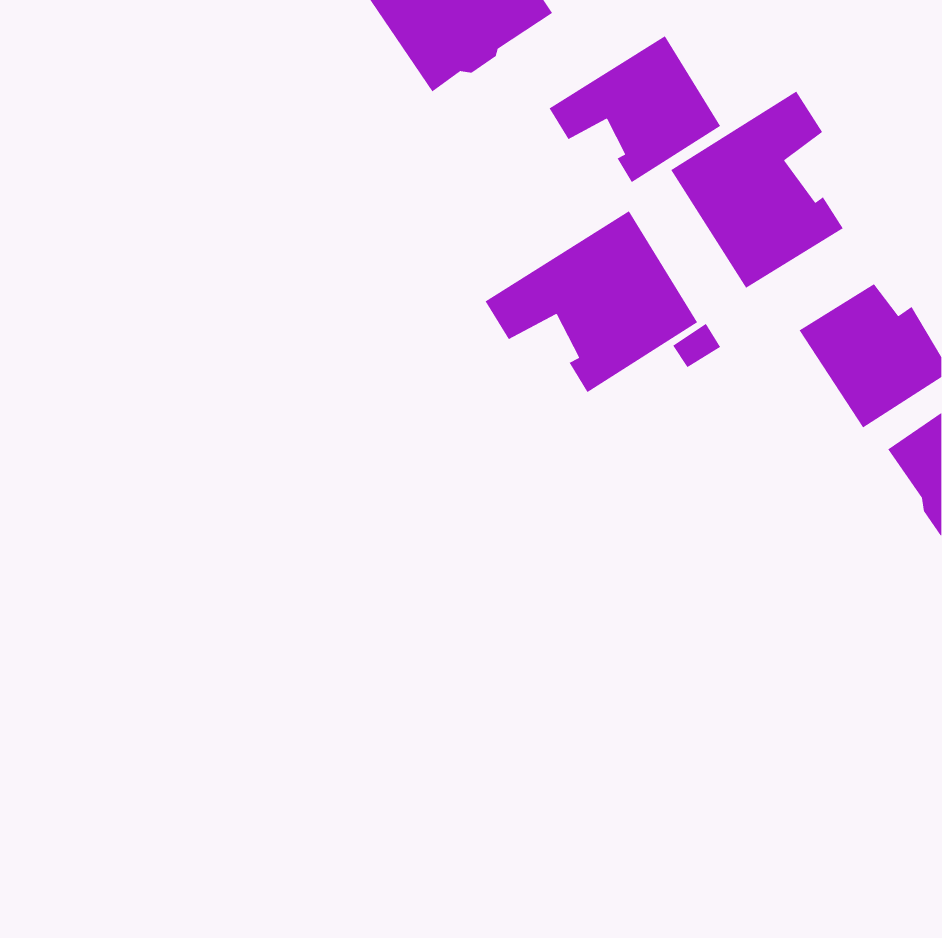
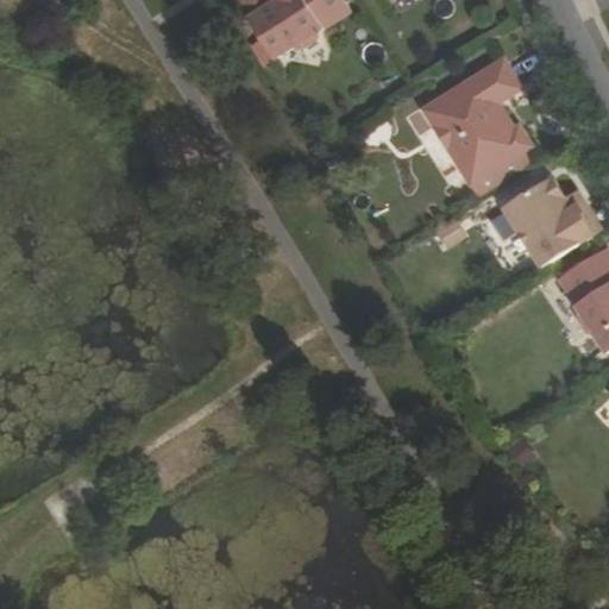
building: [549,35,721,183] -> none
building: [484,210,698,393] -> none

